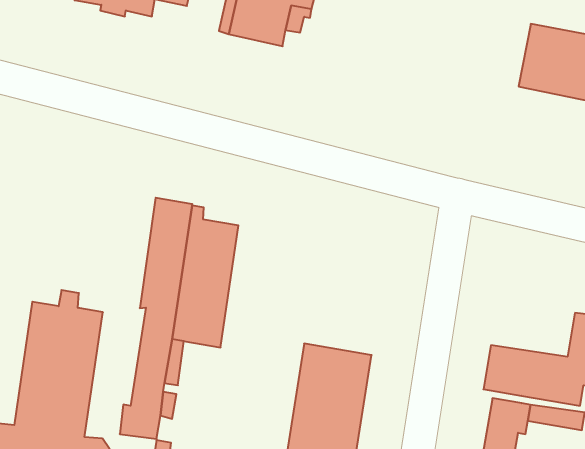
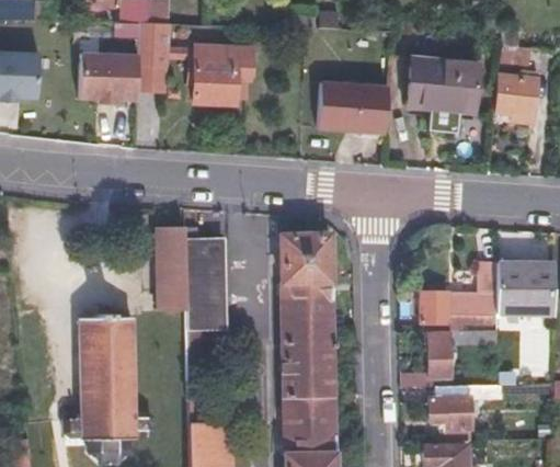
building: none -> [317,86,389,134]
building: none -> [284,240,335,318]

